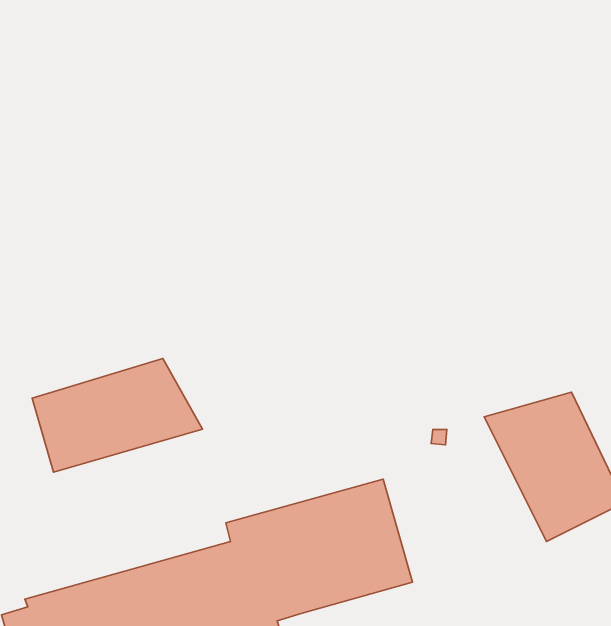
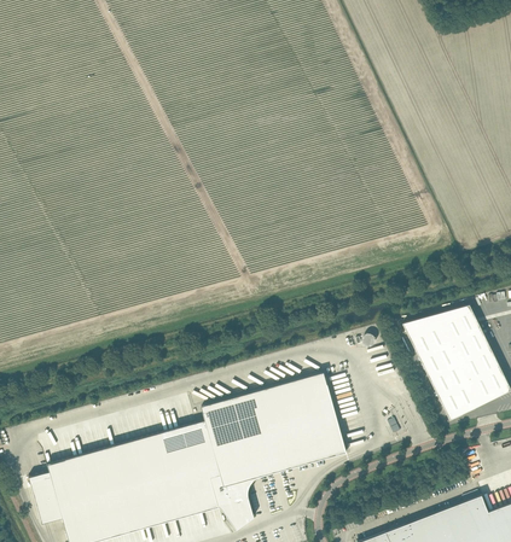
building: [32,359,203,472] -> none

